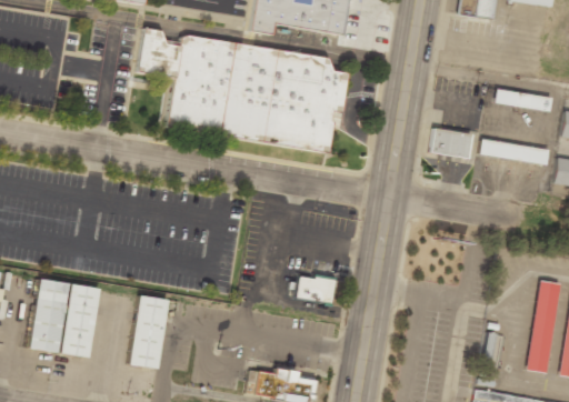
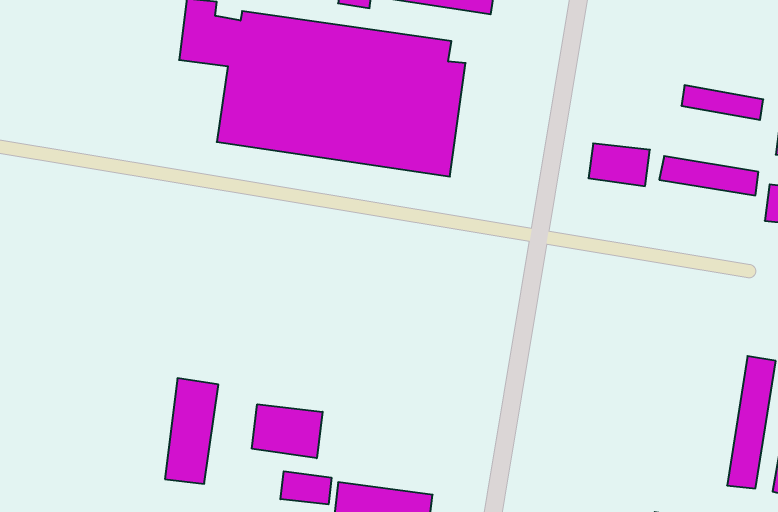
building: [298,275,336,301] -> none
building: [29,278,99,358] -> none
building: none -> [252,404,323,458]
building: none -> [280,471,331,504]

